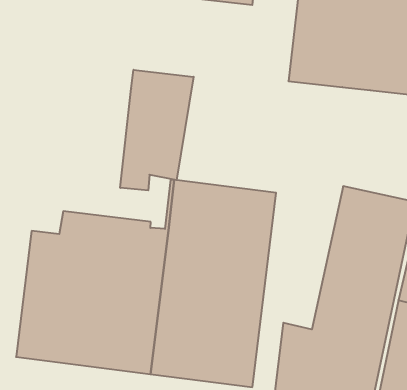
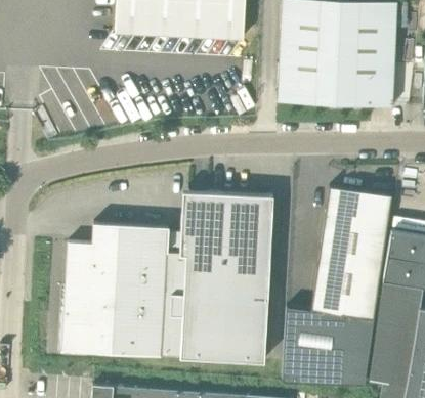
building: [120,70,194,190] -> none

